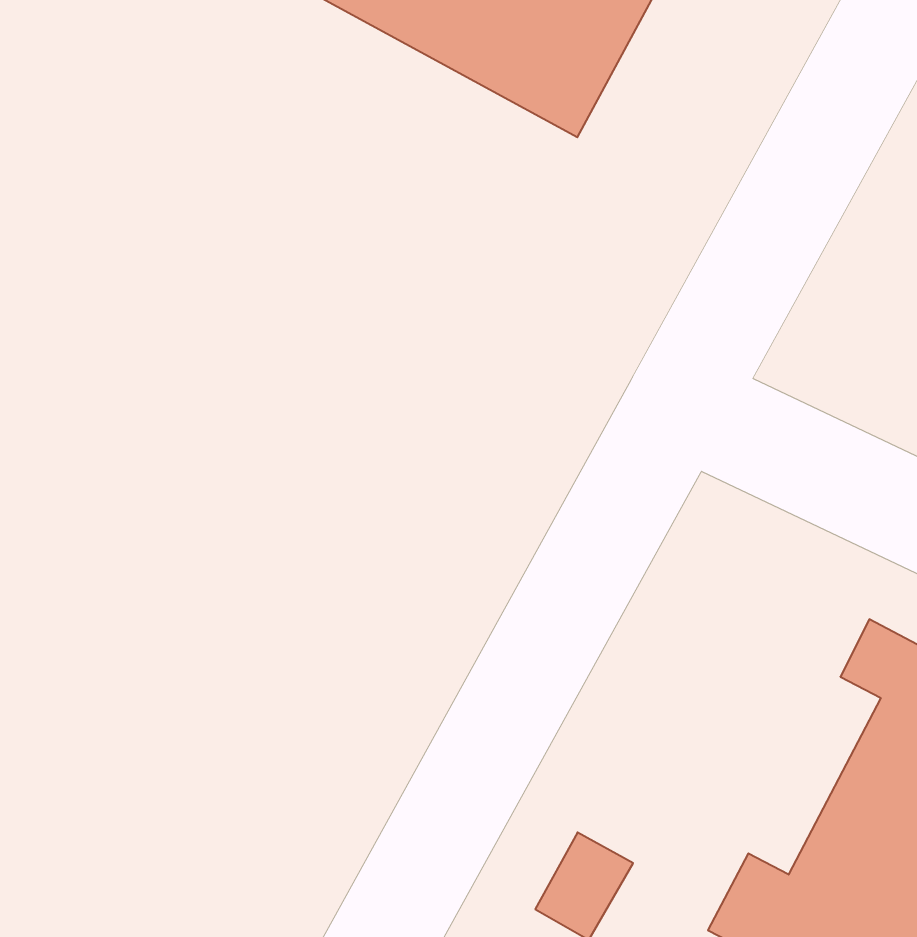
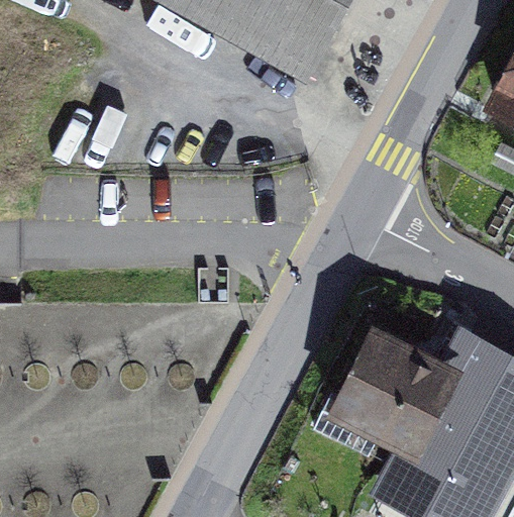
building: none -> [331,330,460,458]

